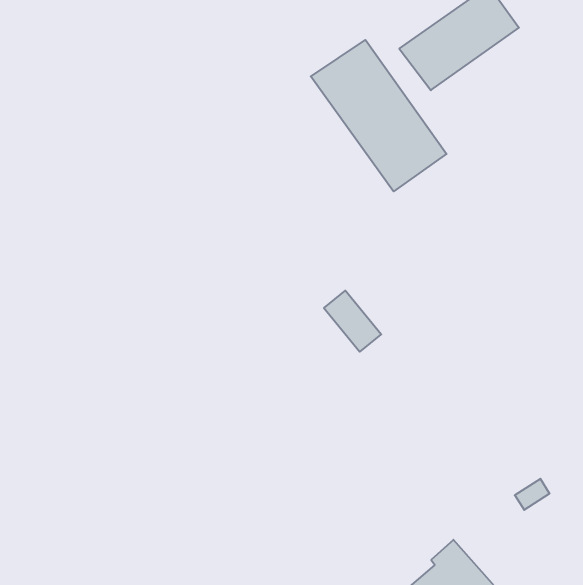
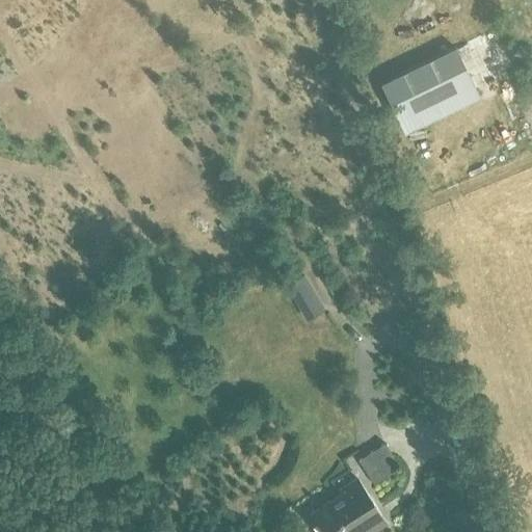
building: [311,40,447,191] -> none
building: none -> [357,444,397,483]

